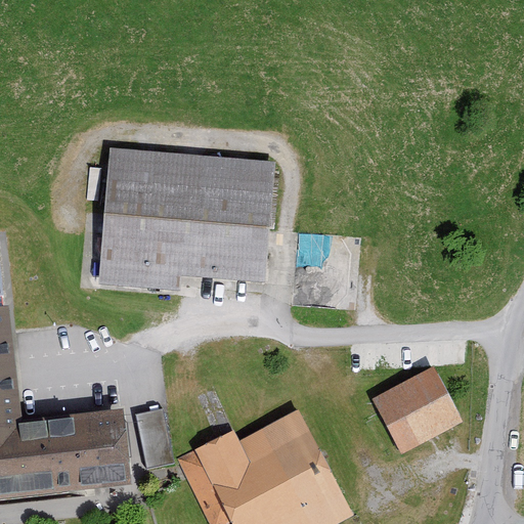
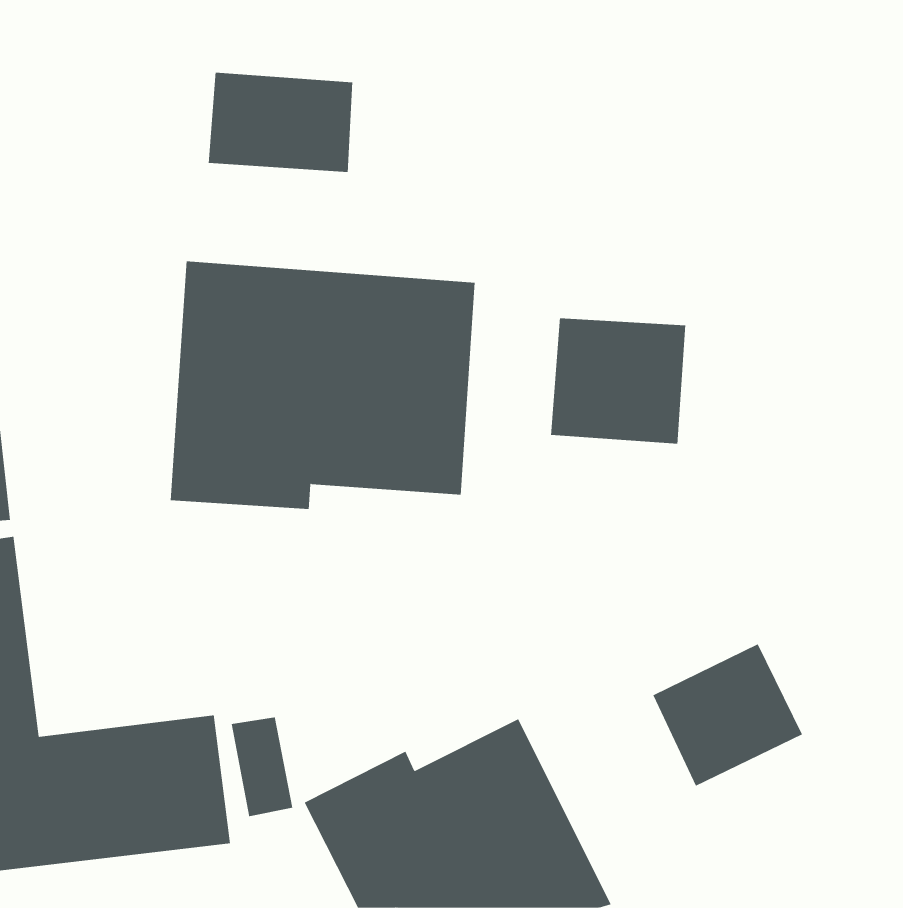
building: none -> [208,72,353,173]
building: none -> [551,317,686,444]

